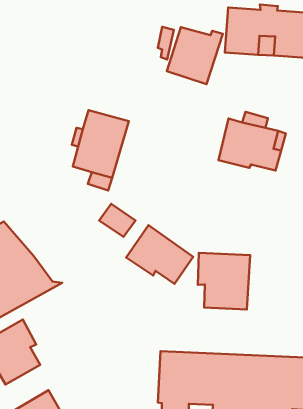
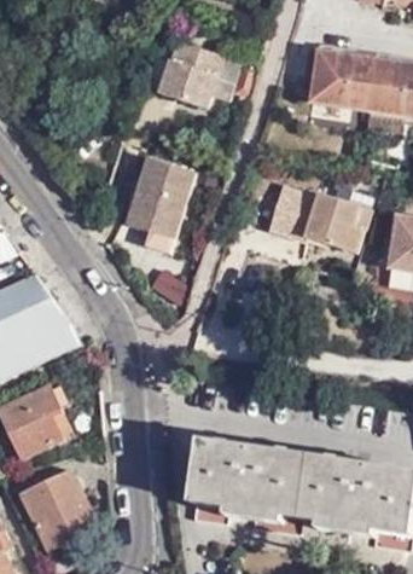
building: [167,27,223,84] -> [157,37,226,106]
building: [126,225,193,284] -> none
building: [198,253,250,310] -> none

